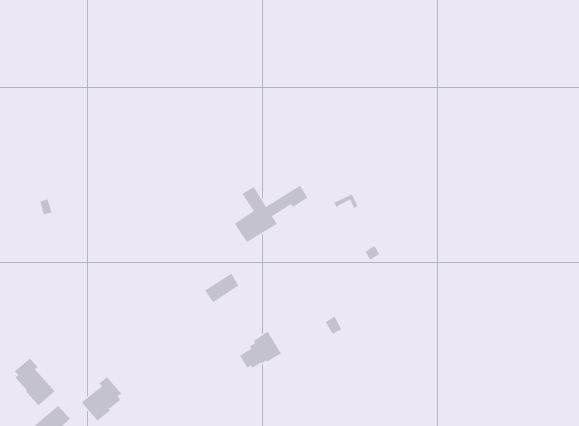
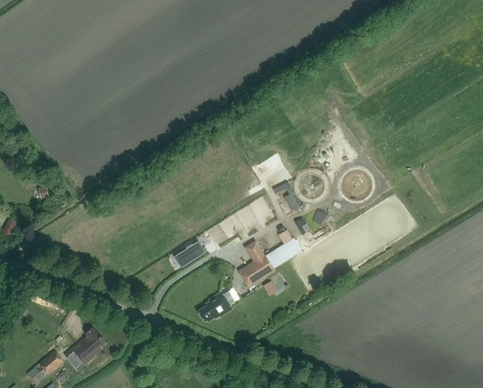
building: [234,185,308,243] -> [238,241,298,287]
building: [14,357,56,406] -> none

